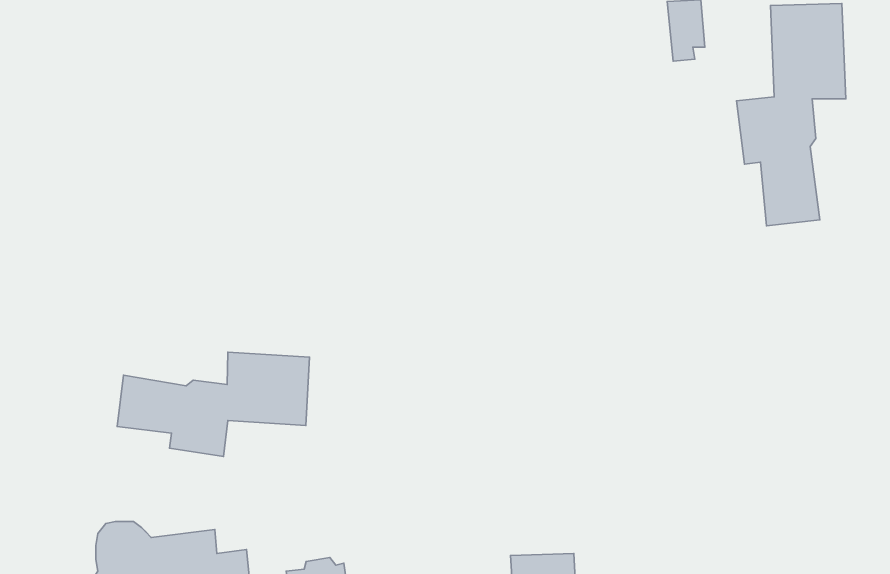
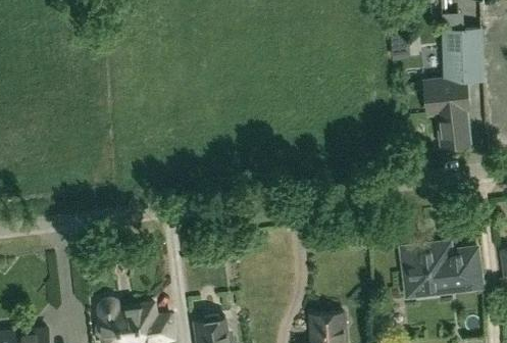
building: [117,352,309,457] -> none
building: none -> [401,247,478,292]

